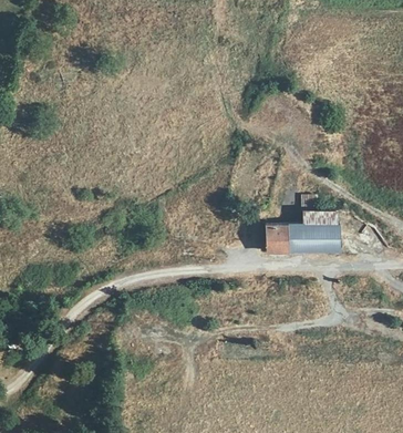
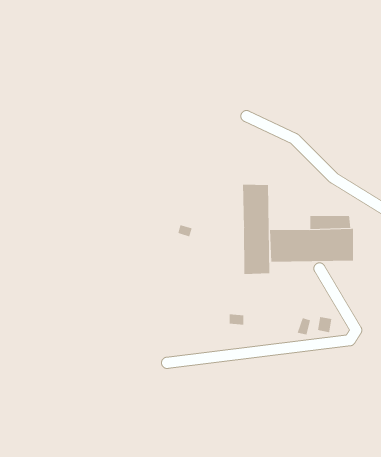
building: none -> [242,184,270,275]

